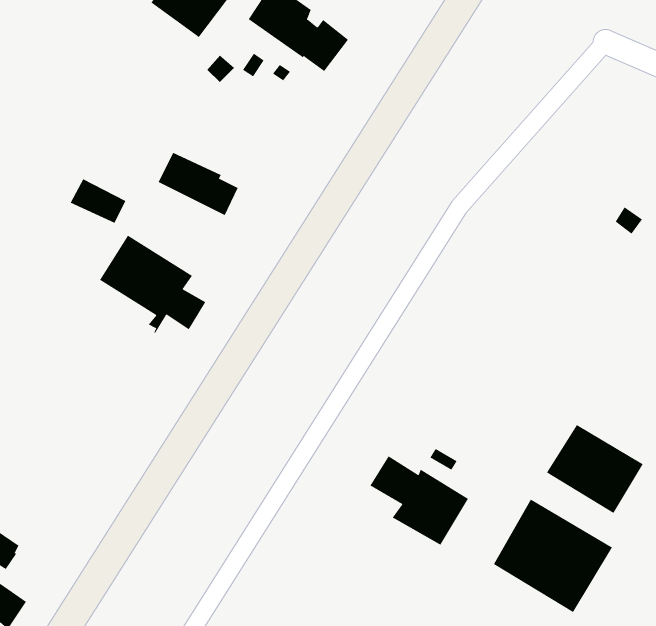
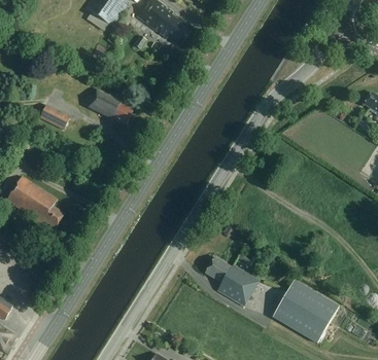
building: [99,235,206,334] -> [5,176,64,230]
building: [546,424,643,514] -> none

